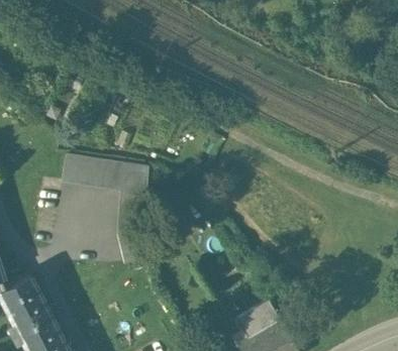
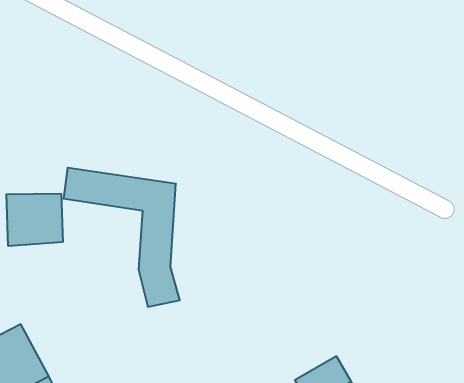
building: none -> [6,194,63,246]

